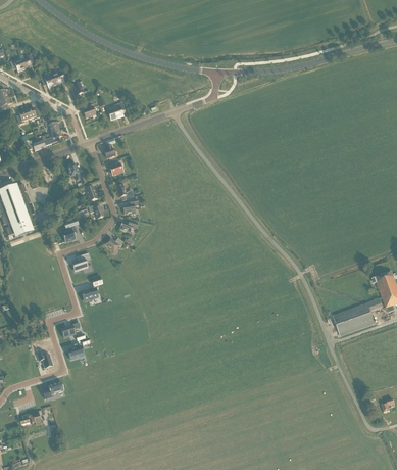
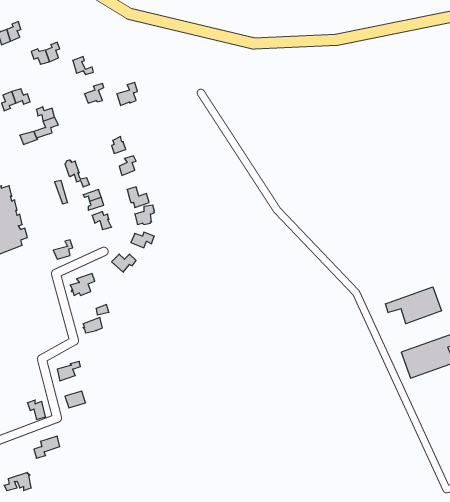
building: none -> [385,287,441,324]

